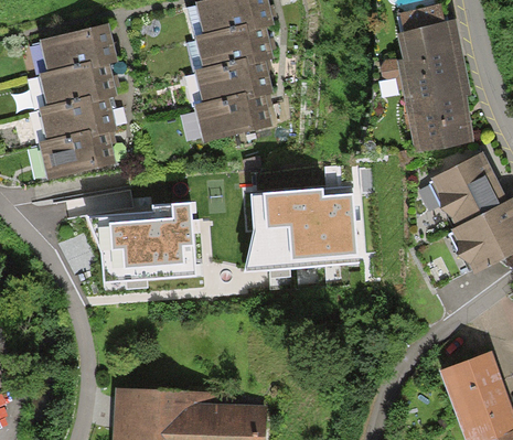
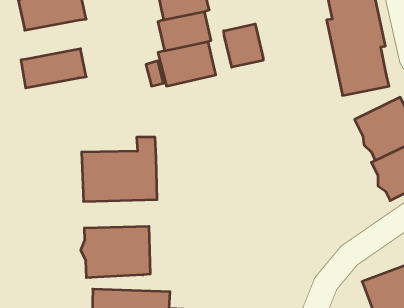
building: [36,64,111,110] -> none
building: none -> [224,24,263,67]
building: [35,132,110,175] -> none
building: [245,189,361,265] -> none
building: none -> [81,226,150,278]

